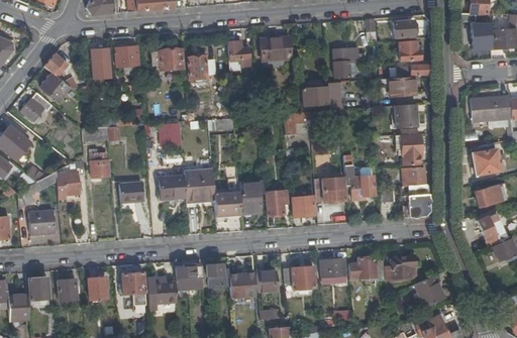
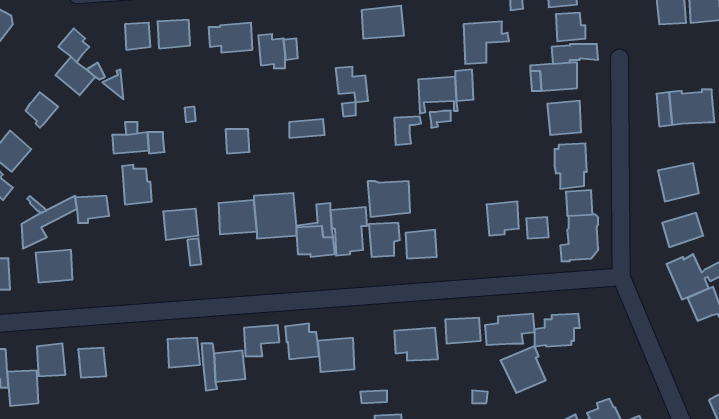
building: [227,41,250,67] -> [336,67,368,102]
building: [314,178,344,203] -> [368,181,410,217]
building: [256,270,279,292] -> none
building: [413,274,445,308] -> [500,346,546,393]
building: [89,277,108,300] -> none

